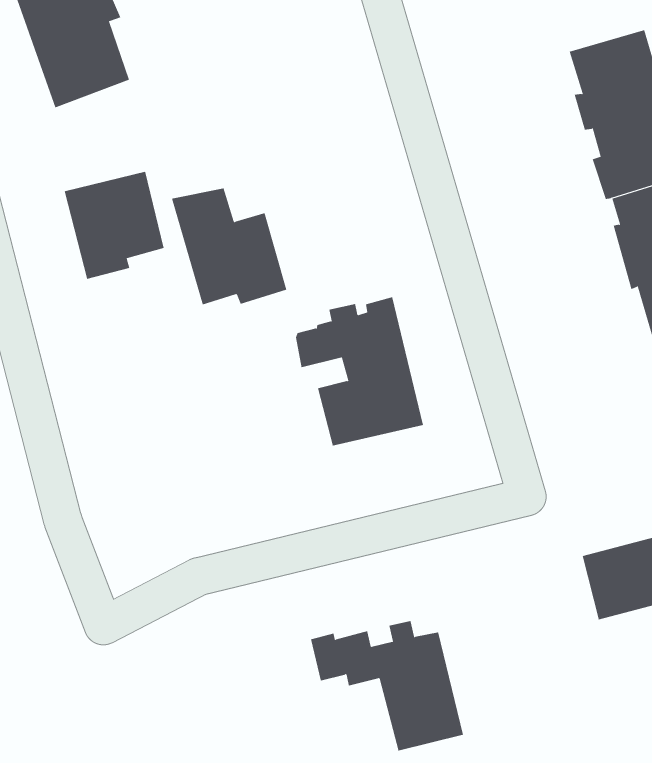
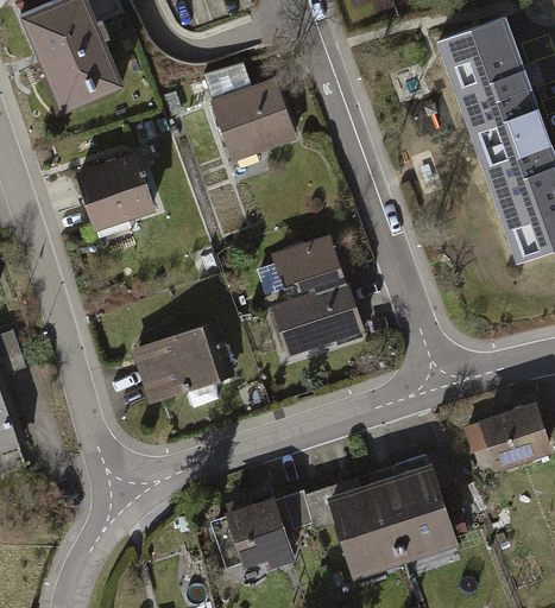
building: [171,188,287,305] -> [202,63,294,152]
building: none -> [131,323,234,403]
building: none -> [379,454,456,560]
building: none -> [208,498,292,569]

